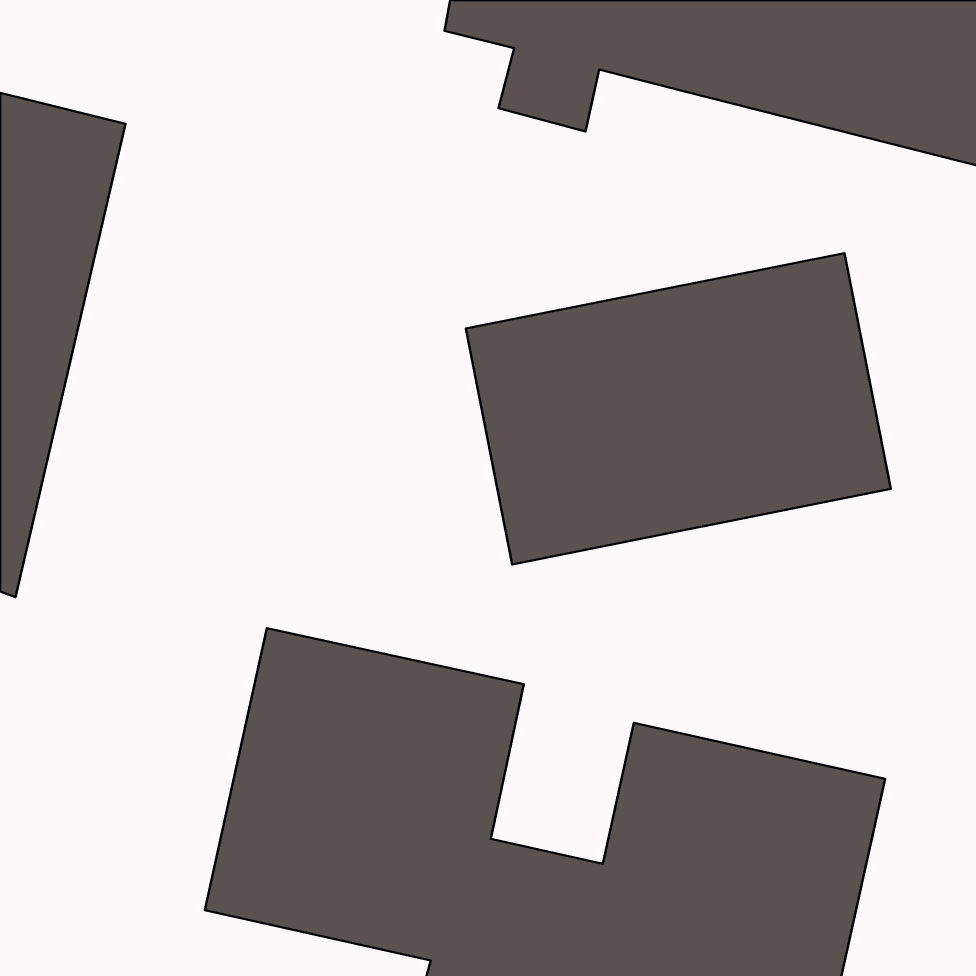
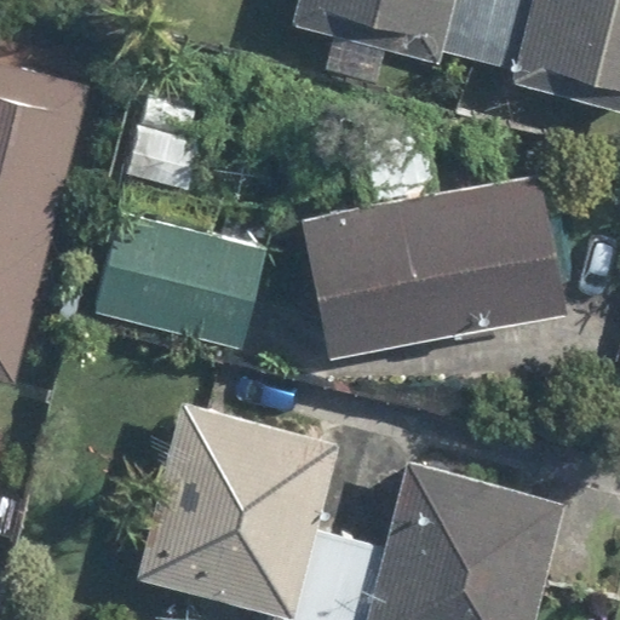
building: none -> [94,211,270,348]

